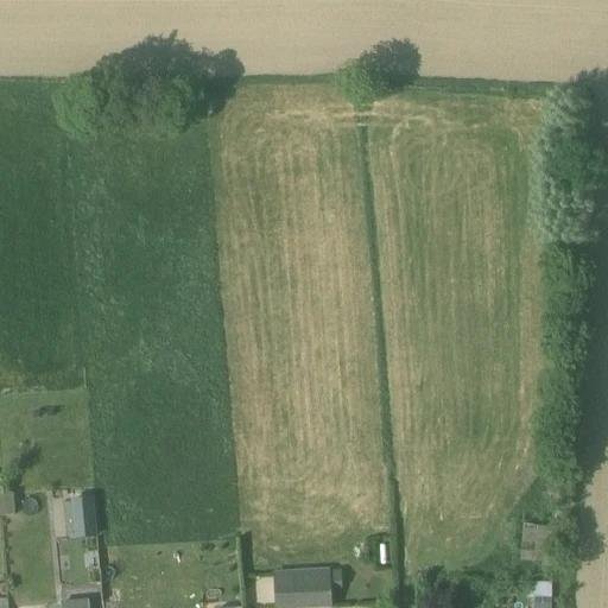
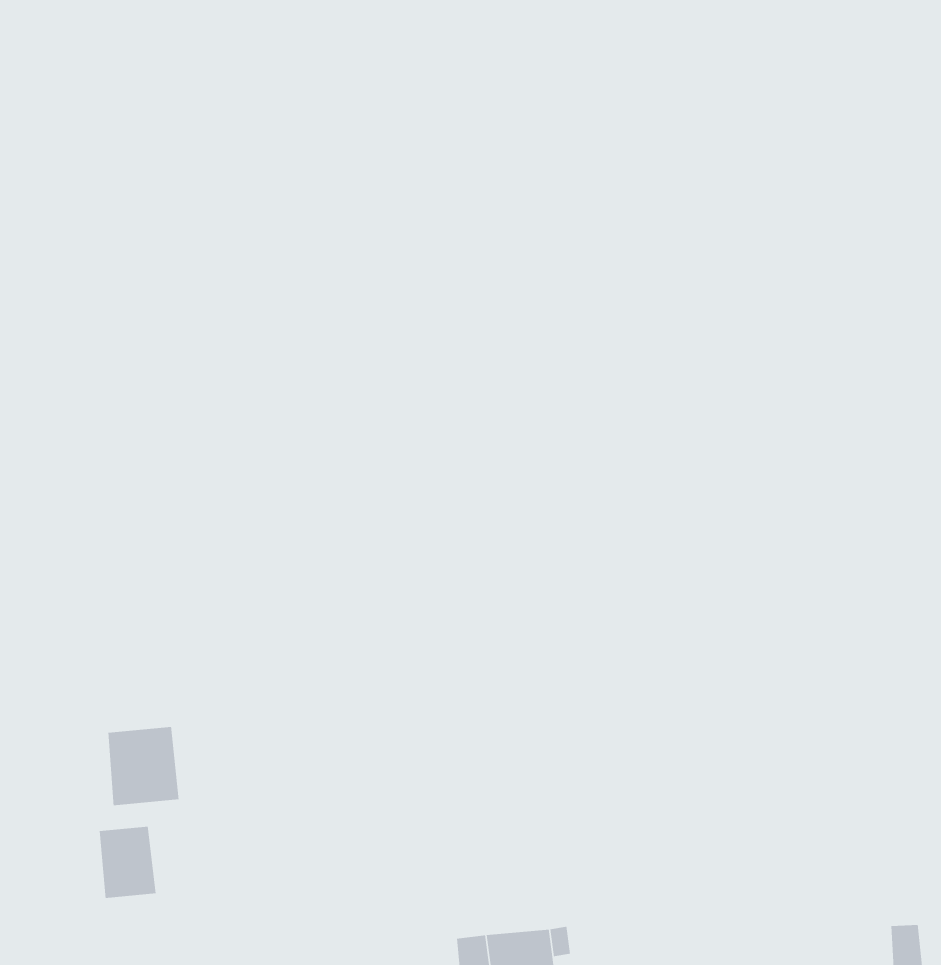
building: none -> [108,726,179,806]

